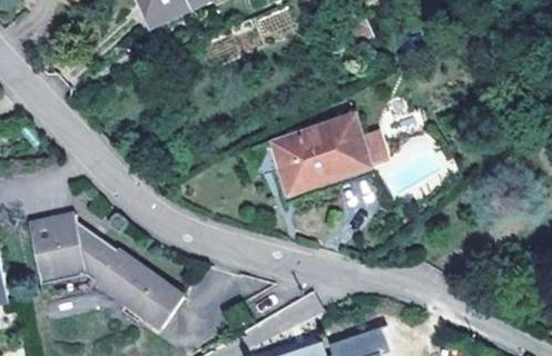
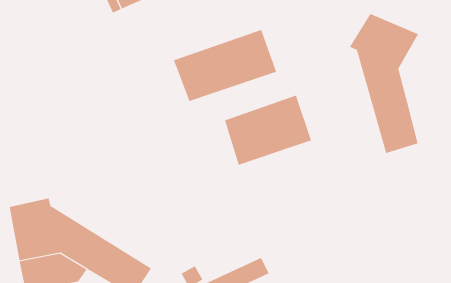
building: none -> [349,13,419,154]
building: none -> [173,29,277,102]

